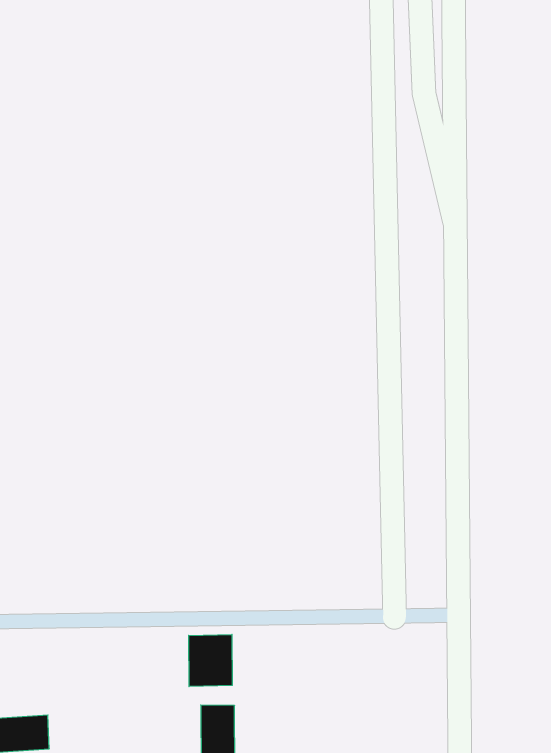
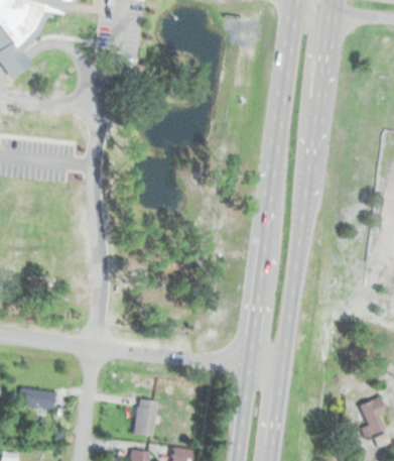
building: [189,634,232,687] -> none

